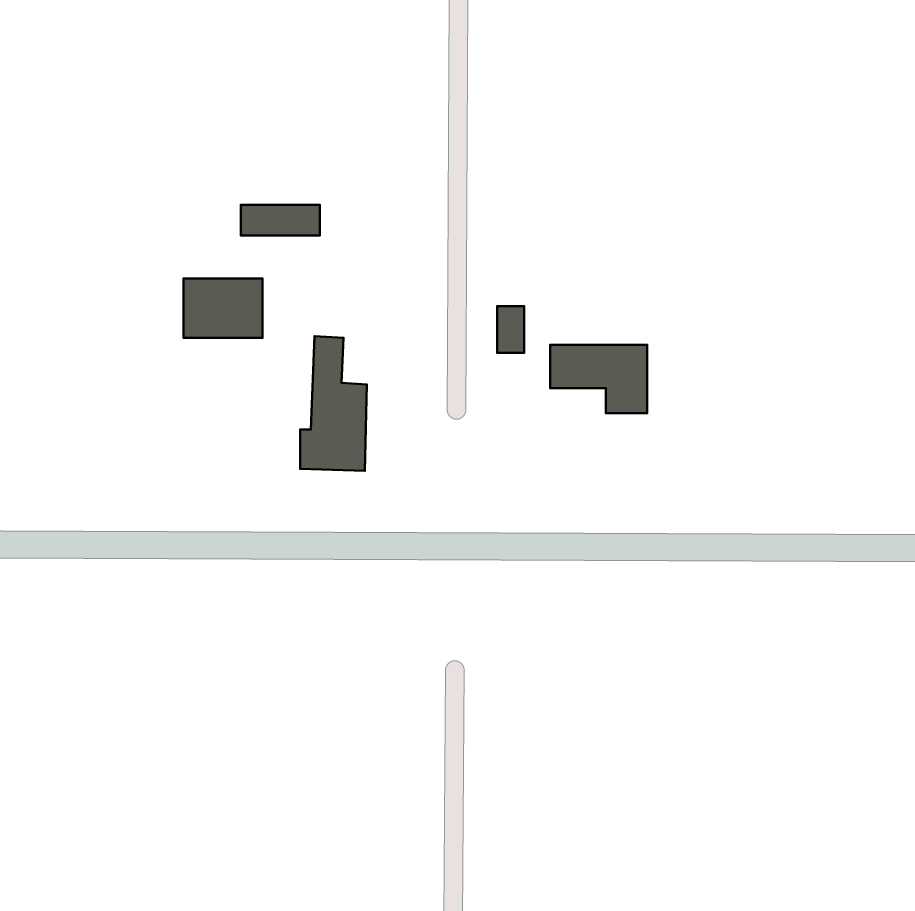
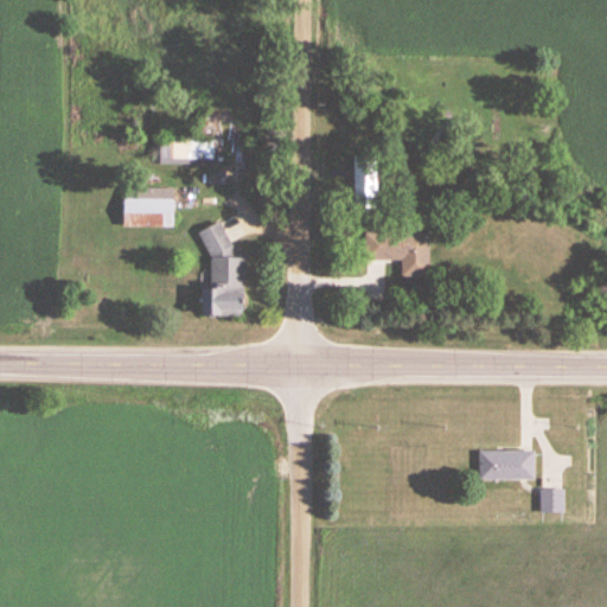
building: [497,306,524,353] -> [356,164,373,194]
building: none -> [479,451,535,480]
building: none -> [541,488,564,513]

